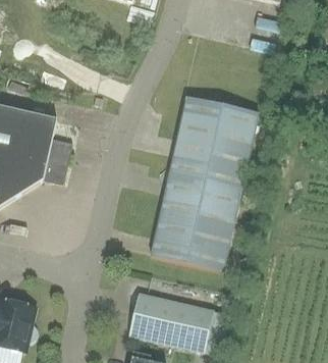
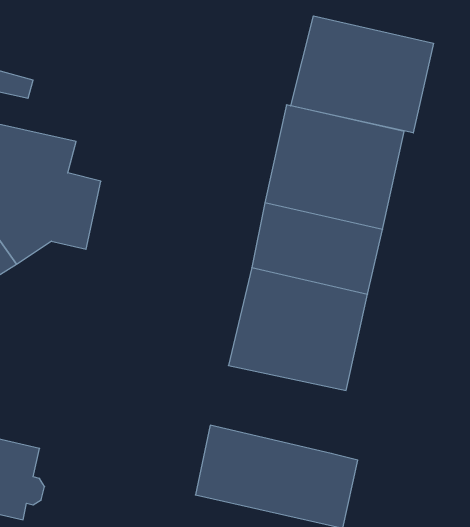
building: none -> [291,16,433,133]

